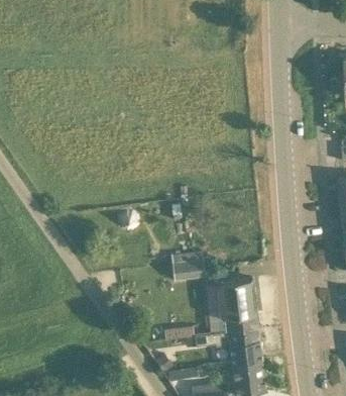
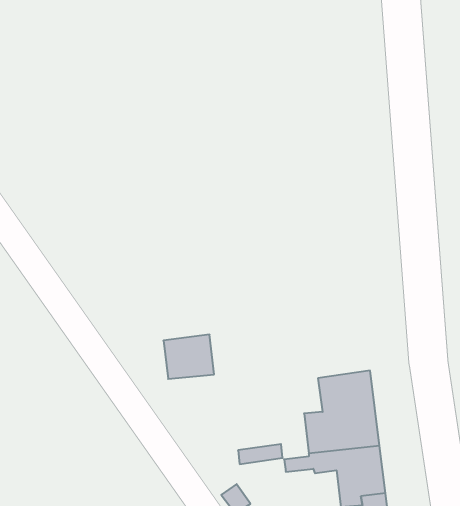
building: [171,251,205,280] -> [163,335,214,379]

